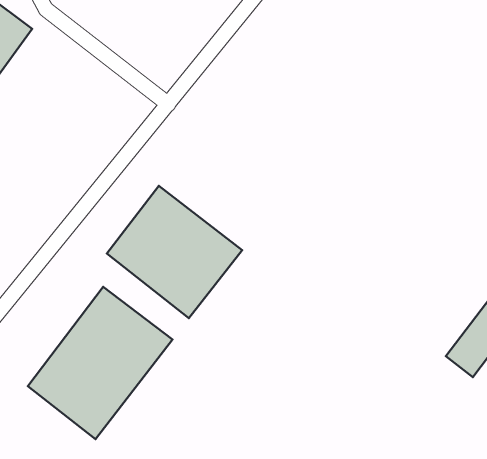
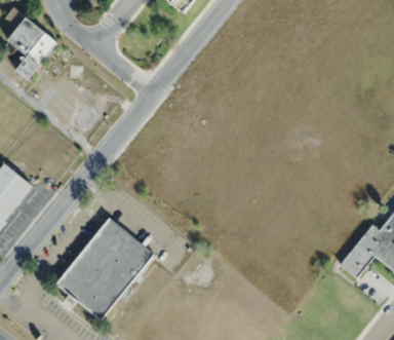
building: [107,186,242,318] -> none

